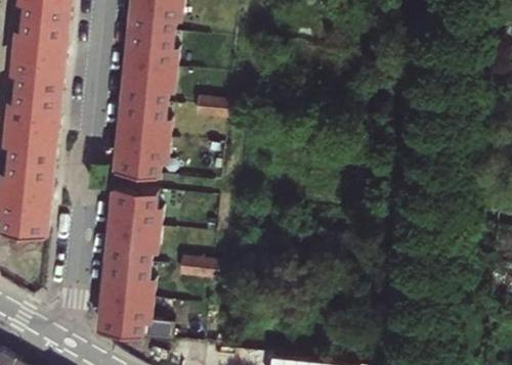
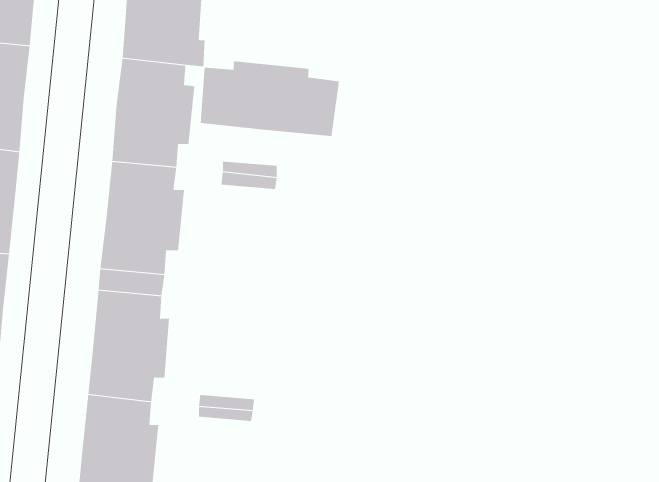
building: none -> [200,61,340,137]

